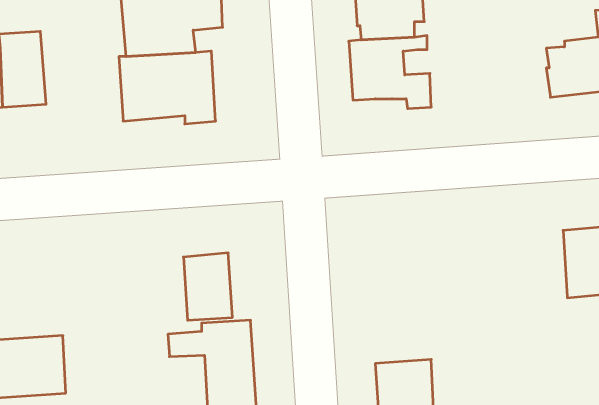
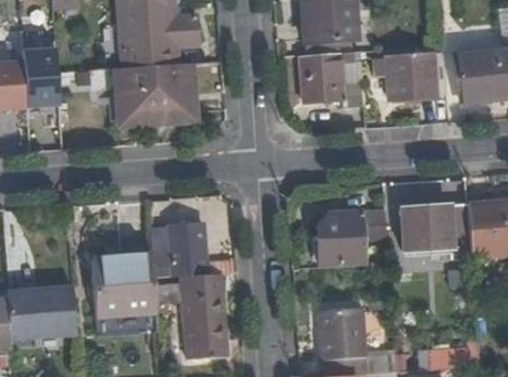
building: none -> [371,54,435,97]
building: none -> [393,204,470,257]
building: none -> [318,208,388,265]
building: none -> [92,256,157,321]

